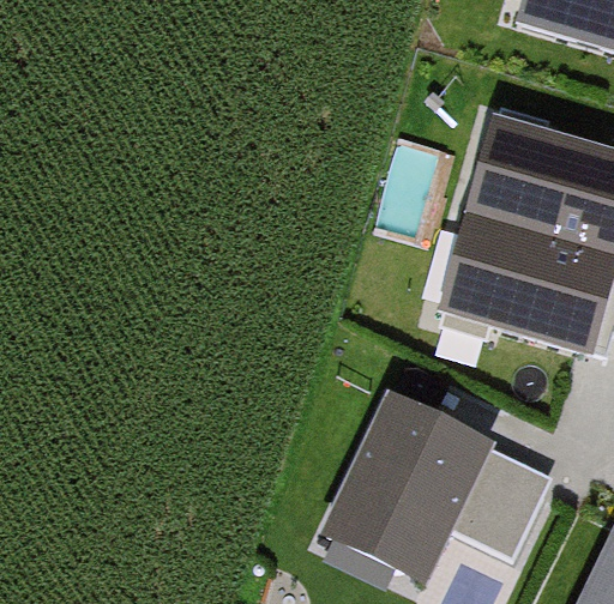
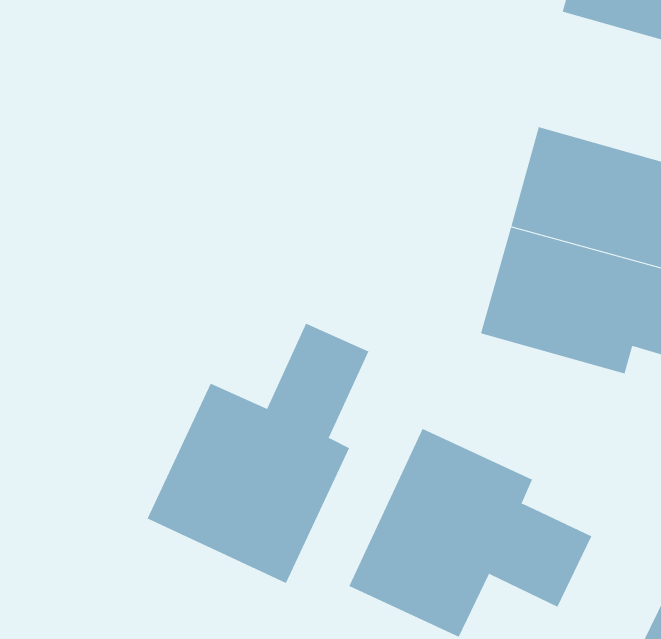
building: none -> [147,323,369,584]

